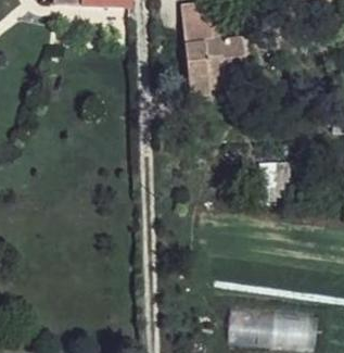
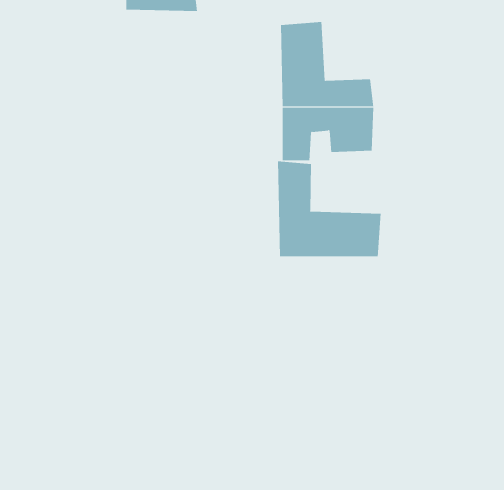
building: none -> [277,161,381,257]

